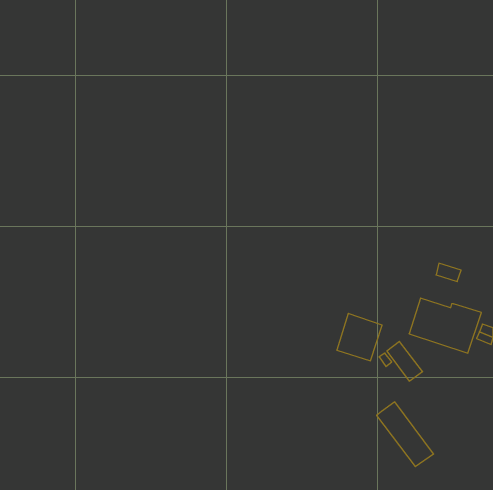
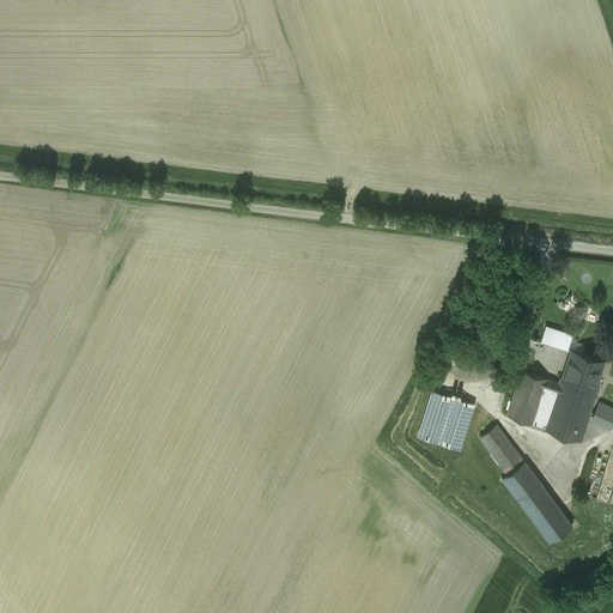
building: none -> [563,353,603,392]
building: [377,402,434,467] -> [502,465,572,545]

